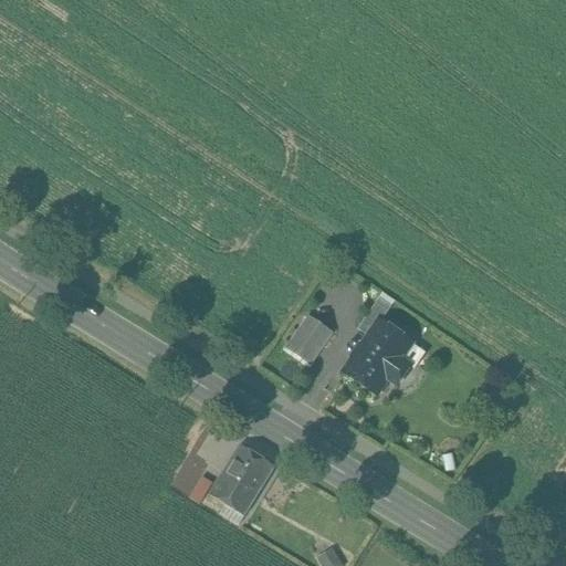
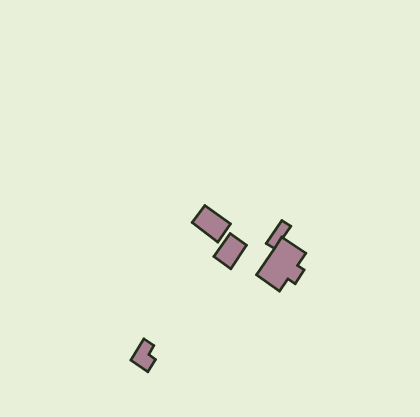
building: none -> [192,205,231,242]
building: [210,443,274,513] -> none

